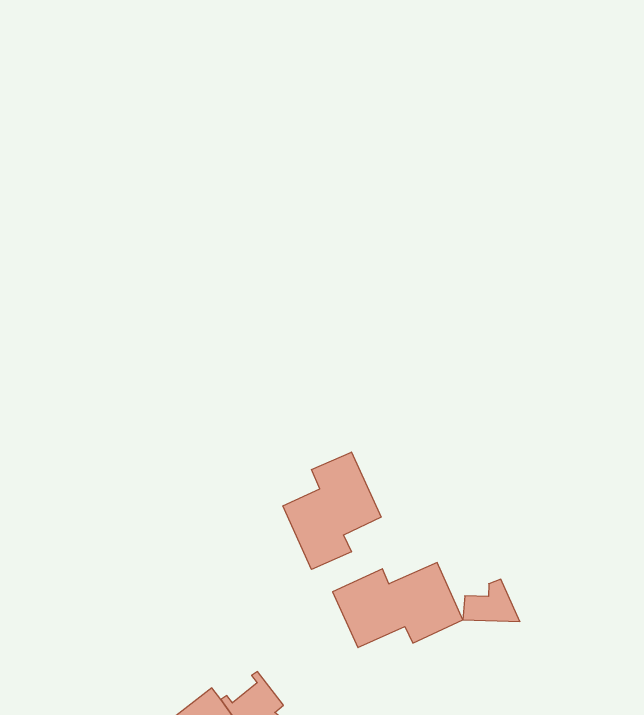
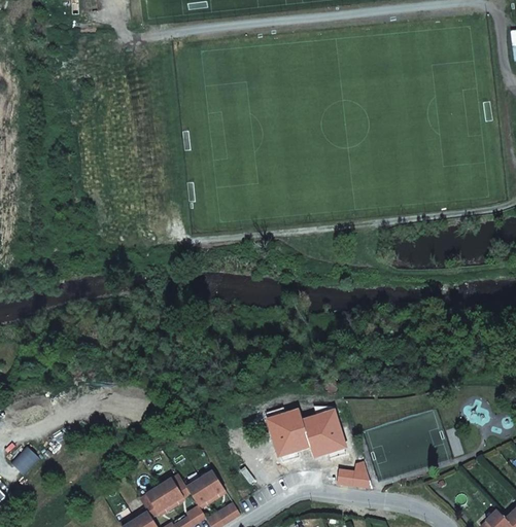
building: [283,452,381,569] -> none
building: [463,579,520,621] -> [335,460,372,489]

